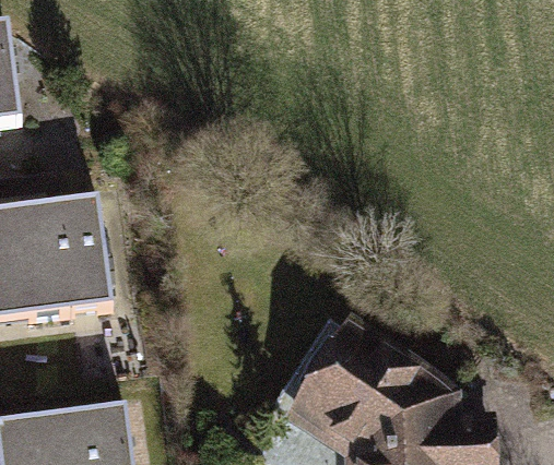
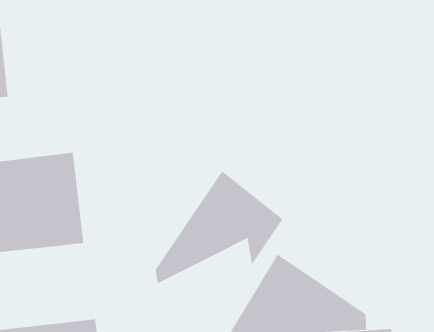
building: none -> [155,171,283,284]

